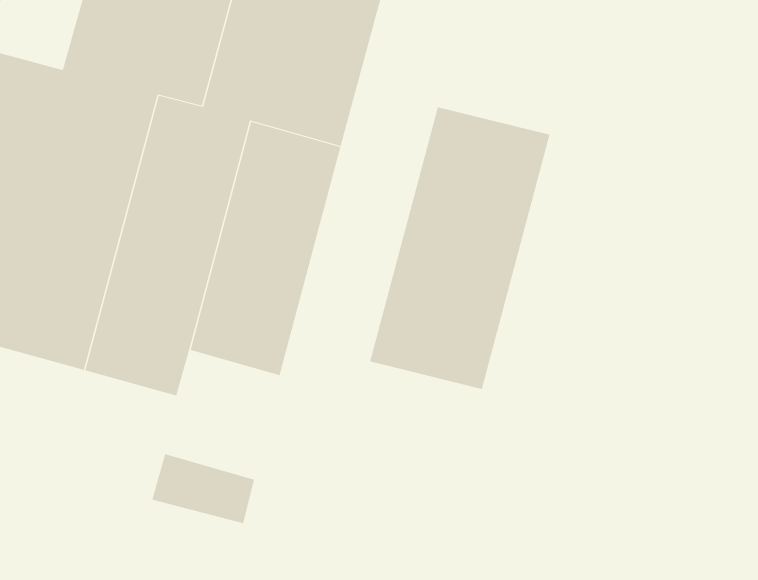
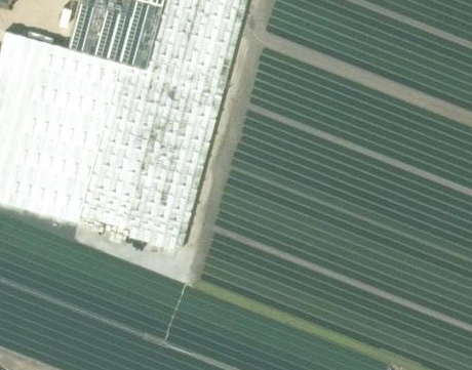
building: [370,106,550,390] -> none
building: [152,454,255,524] -> [129,205,187,244]

